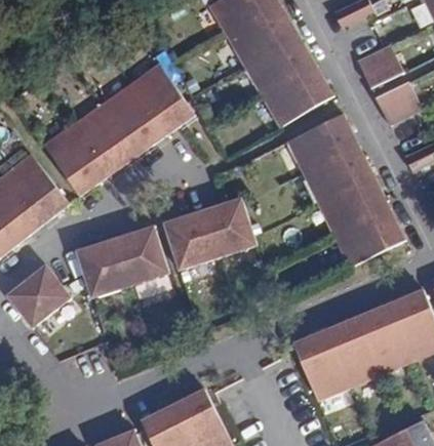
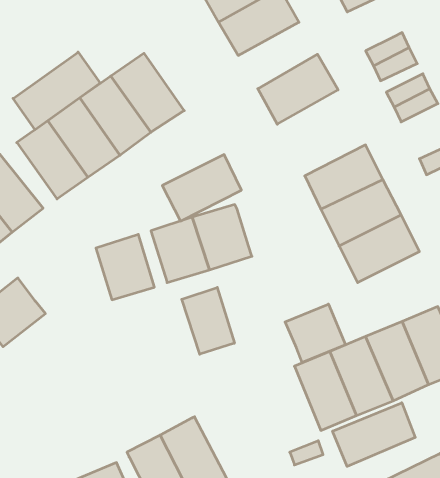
building: [243,36,314,95] -> none
building: none -> [13,52,100,130]
building: [286,114,357,173] -> [162,155,241,221]
building: [77,238,130,296] -> none
building: none -> [182,287,234,354]
building: none -> [285,304,345,363]
building: none -> [333,403,415,466]

